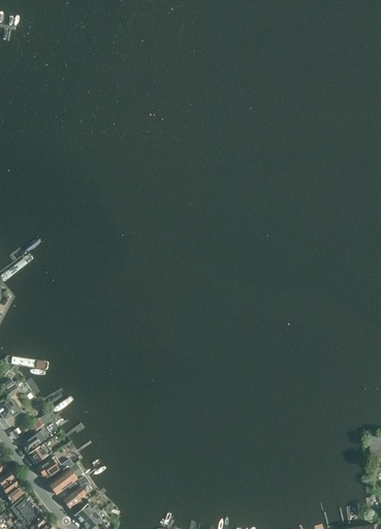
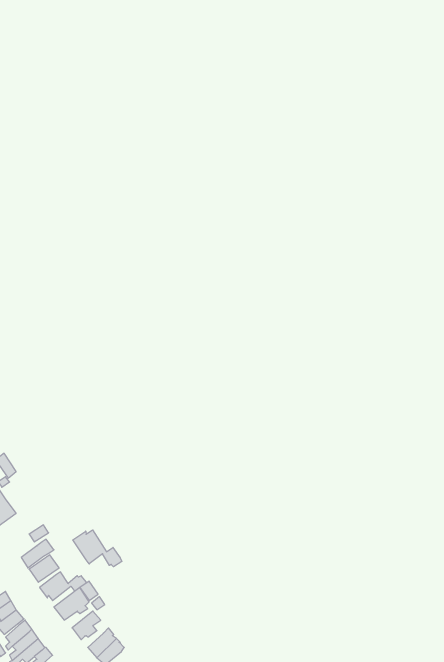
building: none -> [73,530,122,567]

